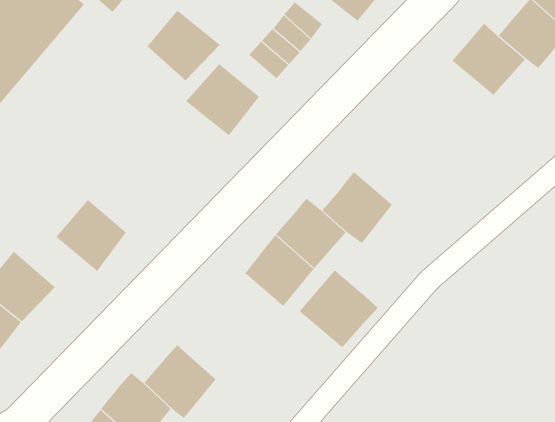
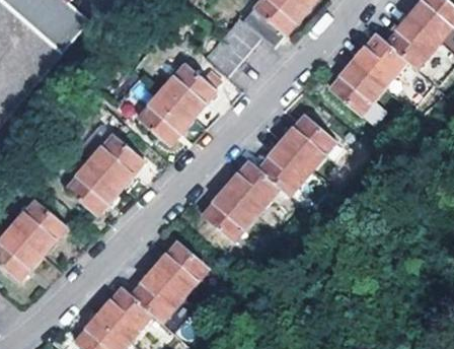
building: [146,10,221,81] -> [138,91,192,143]
building: none -> [329,62,383,115]
building: none -> [282,116,333,166]
building: none -> [89,135,142,187]
building: [299,269,378,348] -> none
building: none -> [154,242,207,293]

